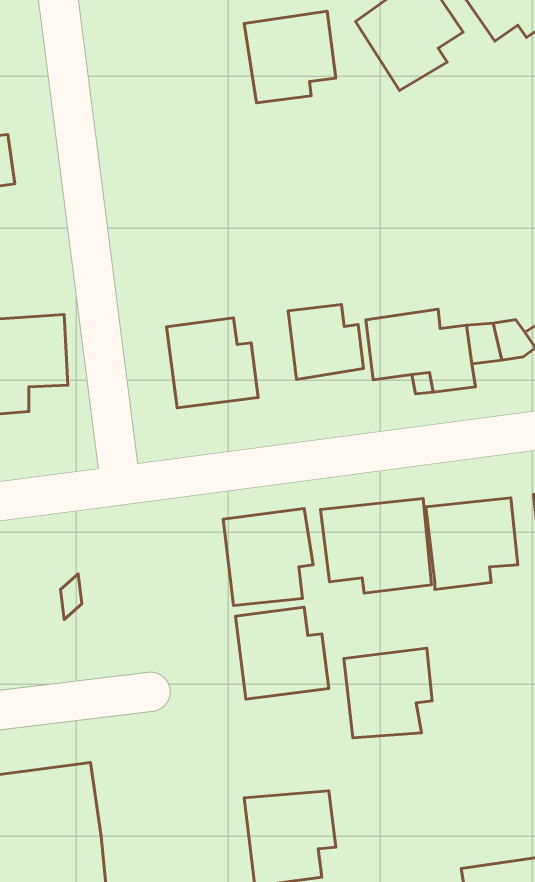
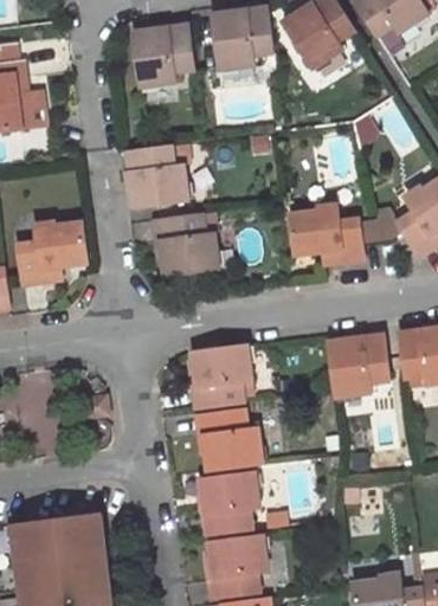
building: none -> [130,26,191,88]
building: none -> [125,148,186,207]
building: [288,305,363,379] -> none
building: [320,499,432,593] -> none
building: [344,648,432,738] -> [201,473,260,534]

